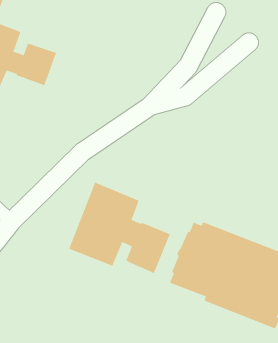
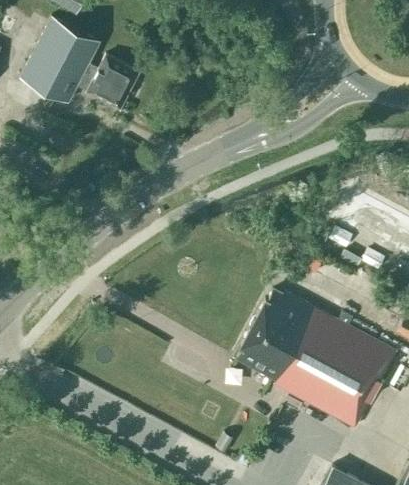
building: [69,182,170,274] -> none

